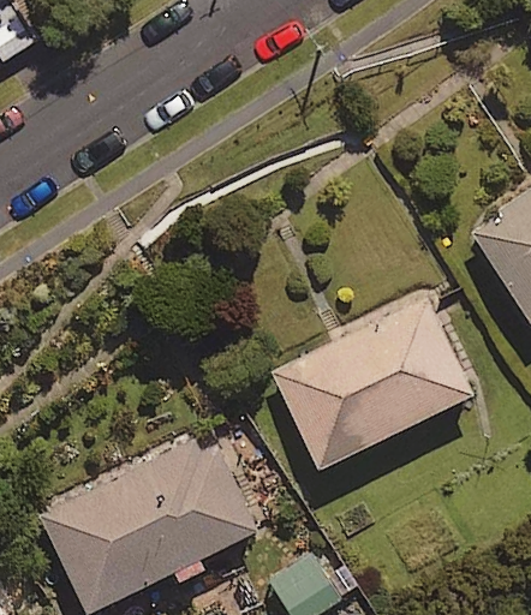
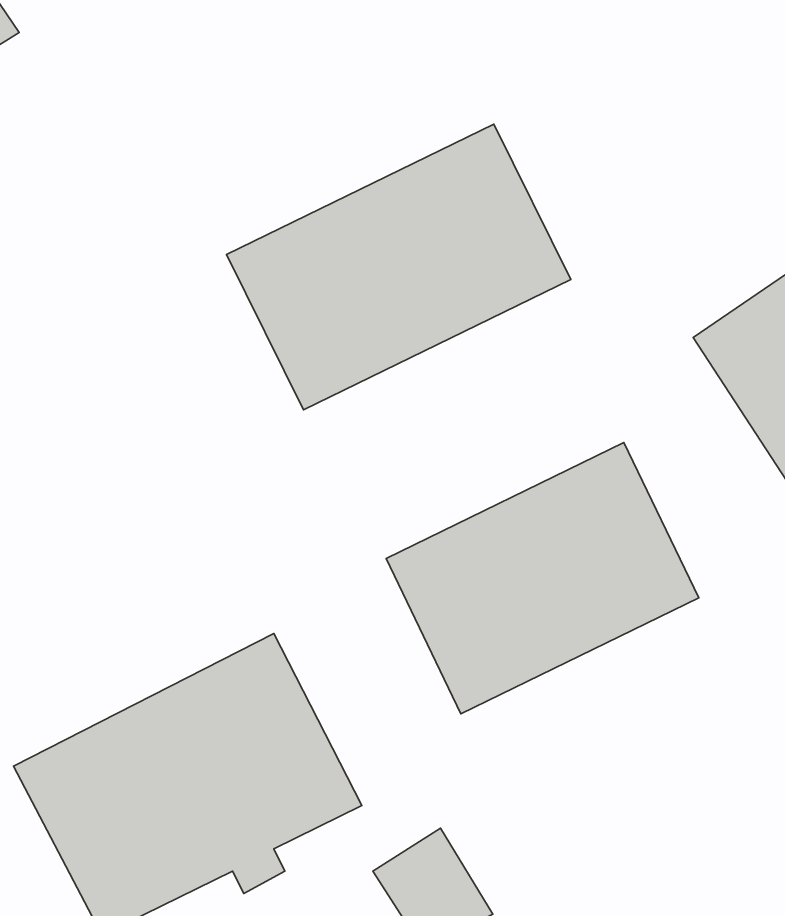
building: none -> [227,124,571,410]

